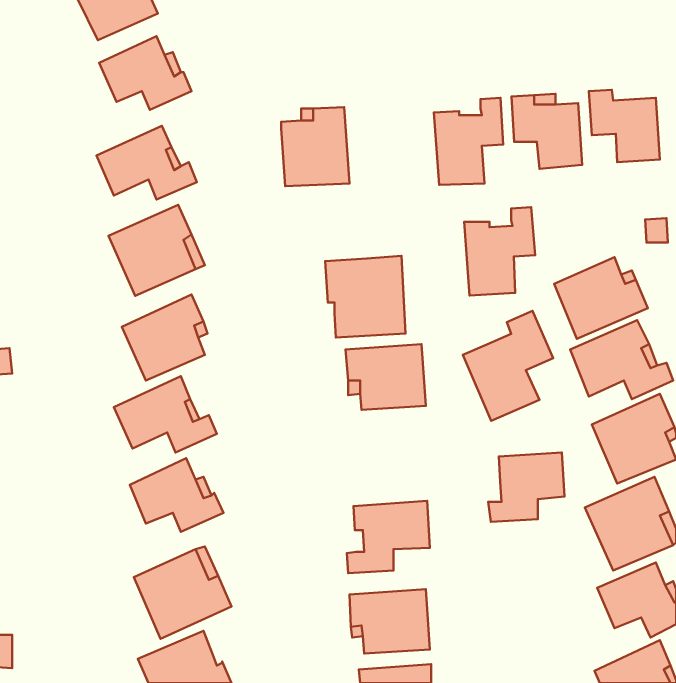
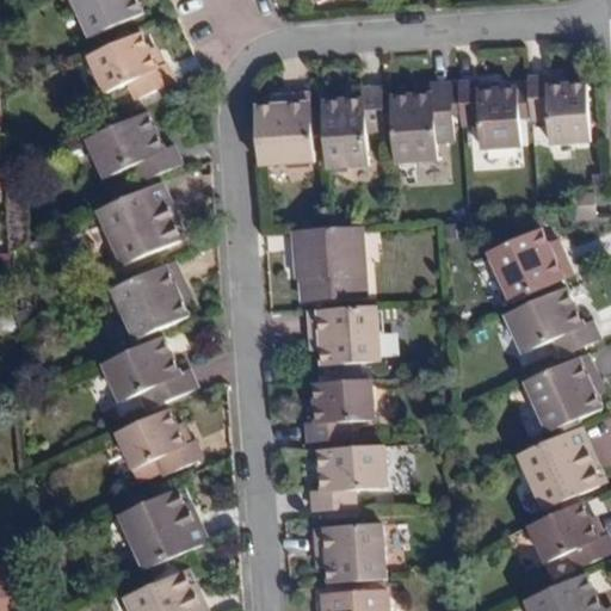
building: [464,207,535,295] -> [319,91,382,169]
building: [463,311,553,421] -> none
building: [488,452,565,522] -> [303,378,371,440]

